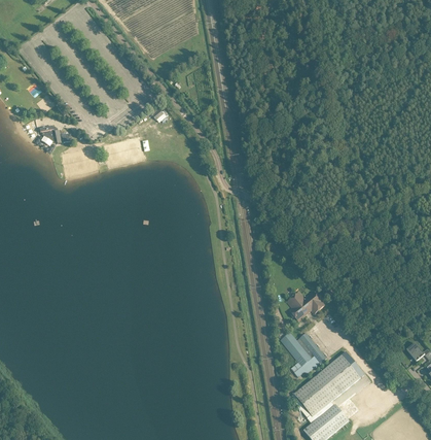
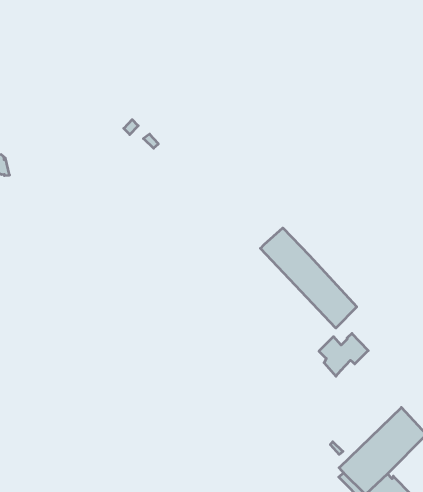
building: none -> [260,228,357,328]
building: [280,332,326,376] -> none

